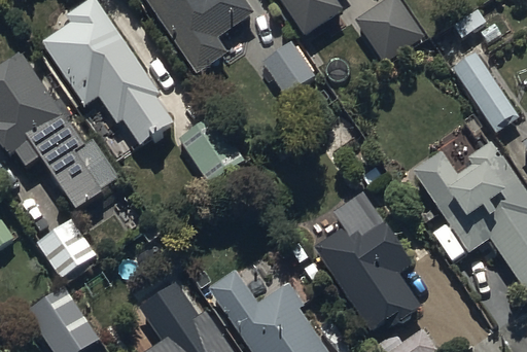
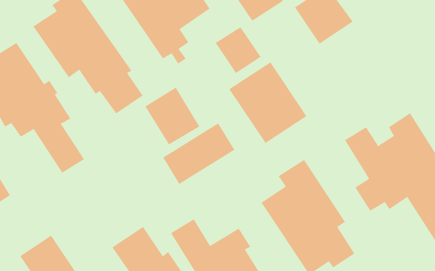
building: [451,54,518,134] -> none
building: none -> [229,61,307,144]
building: none -> [162,123,235,185]
building: [37,220,98,280] -> none

